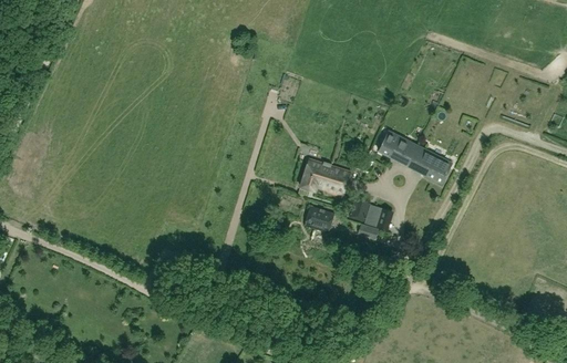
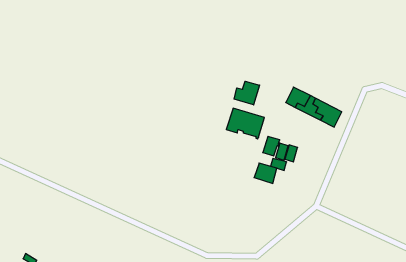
building: none -> [234,81,260,105]
building: [302,206,332,232] -> [254,163,277,183]

